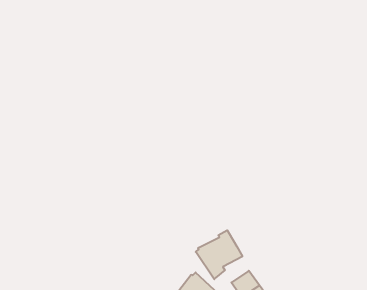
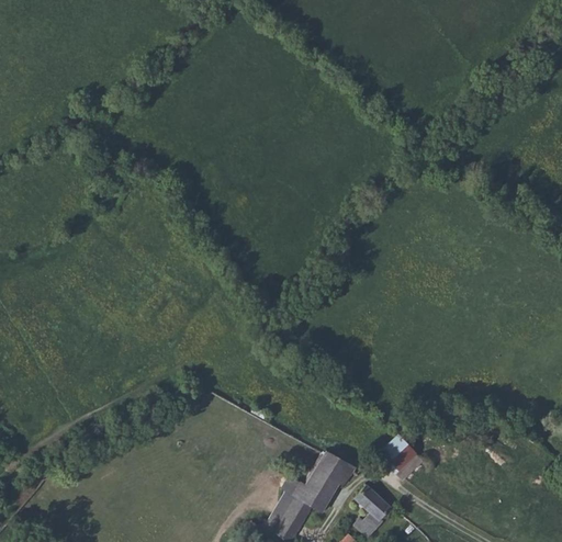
building: [196,230,242,279] -> none

